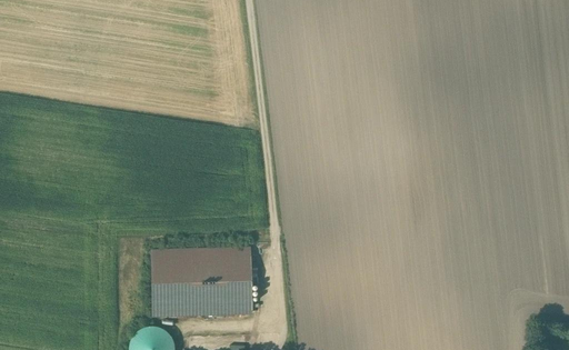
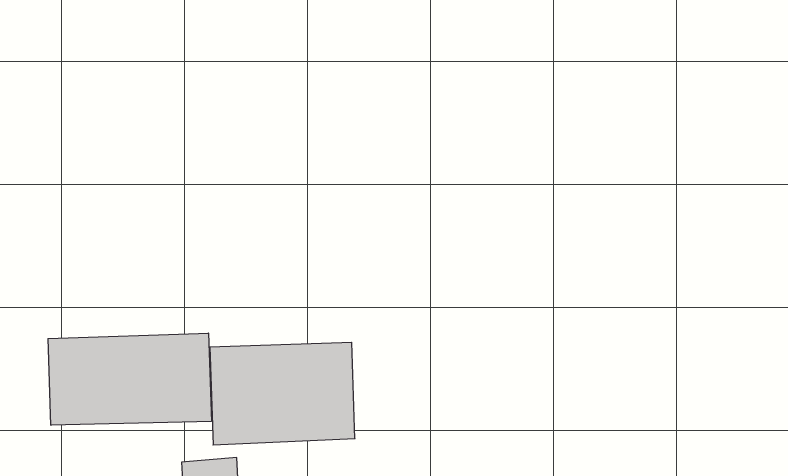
building: none -> [48,333,211,425]

